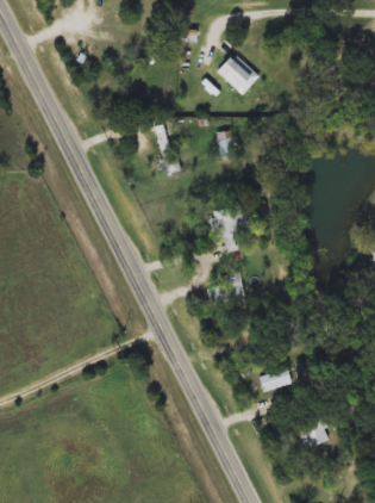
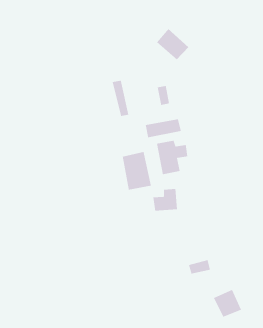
building: none -> [145,118,181,138]
building: none -> [122,151,151,191]

